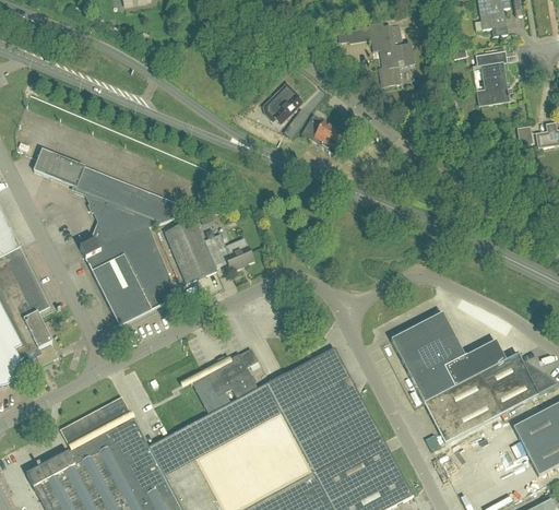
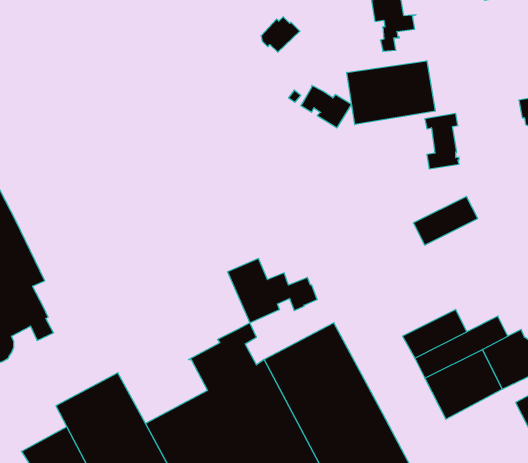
building: [475,50,509,105] -> [425,113,459,169]
building: [264,88,302,123] -> [261,17,300,52]
building: none -> [347,61,435,125]
building: [33,149,180,325] -> none
building: [165,220,253,283] -> [228,259,317,323]
building: [391,312,454,360] -> [413,196,478,245]

